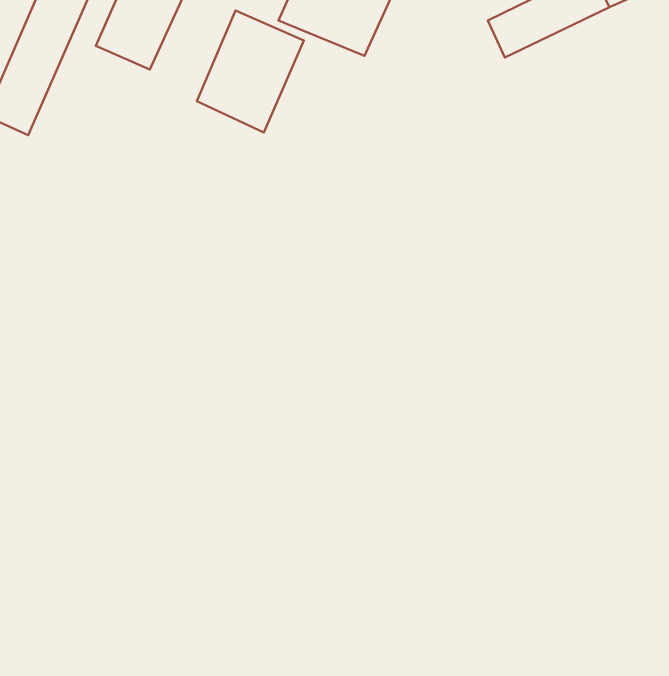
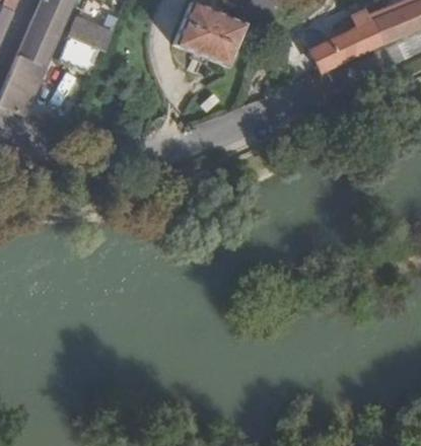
building: [197,11,304,133] -> none

